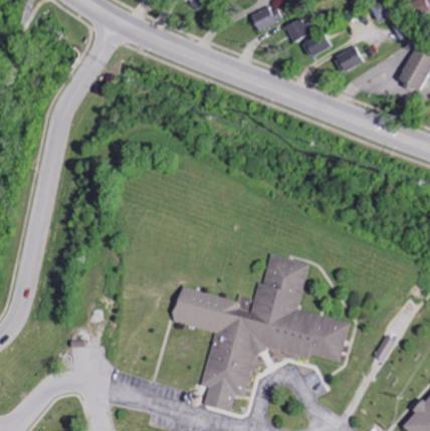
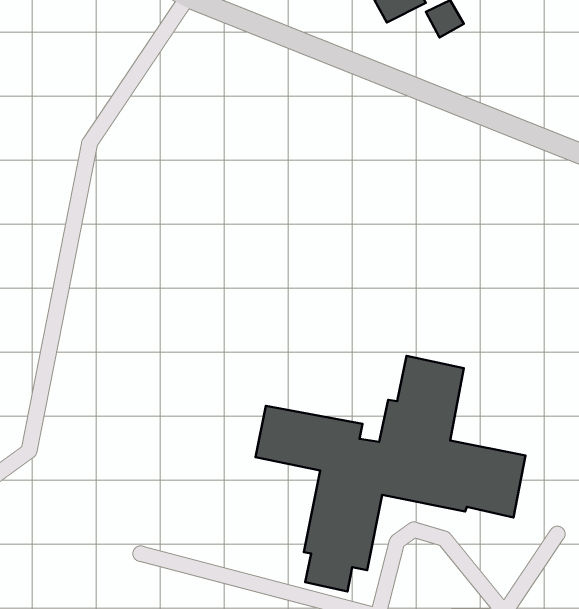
building: [303,32,332,56] -> none
building: [334,46,363,72] -> none

